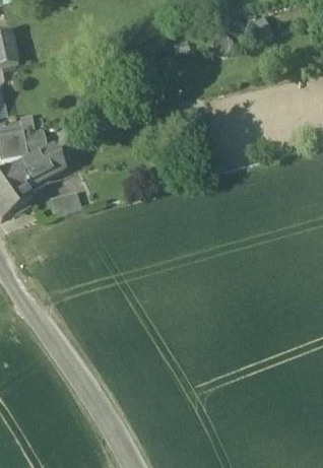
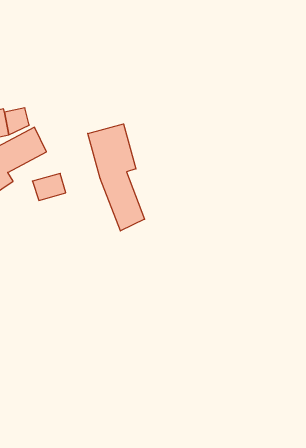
building: none -> [88,124,145,231]

